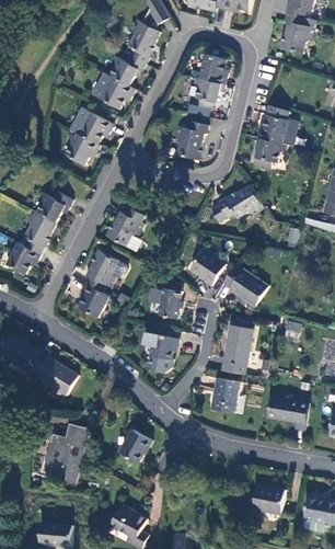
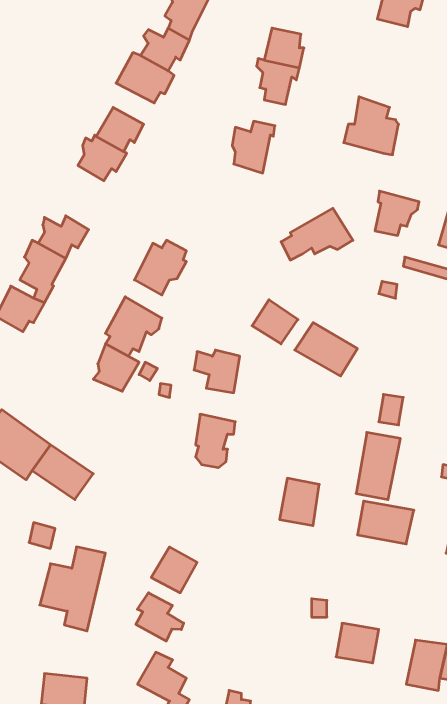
building: [253,137,285,169] -> [375,191,419,235]
building: [219,323,251,371] -> [356,432,400,500]
building: none -> [136,593,184,641]

